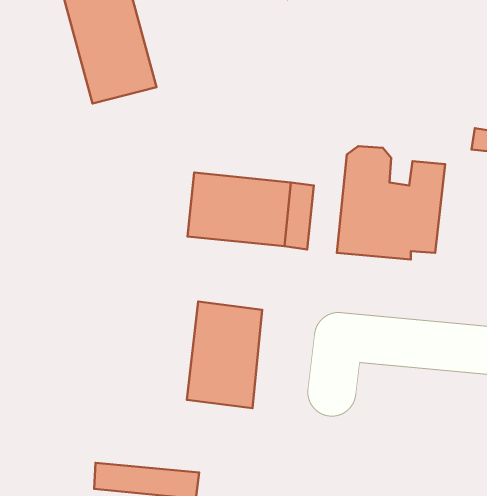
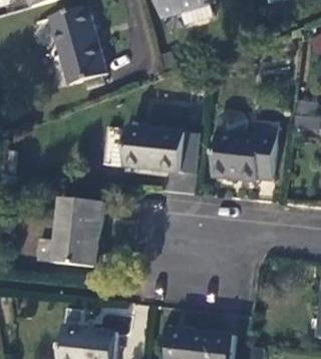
building: [187,302,262,408] -> [56,199,102,264]

